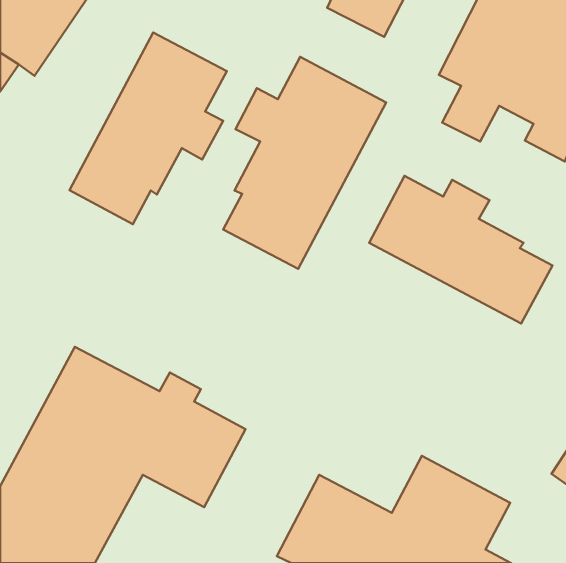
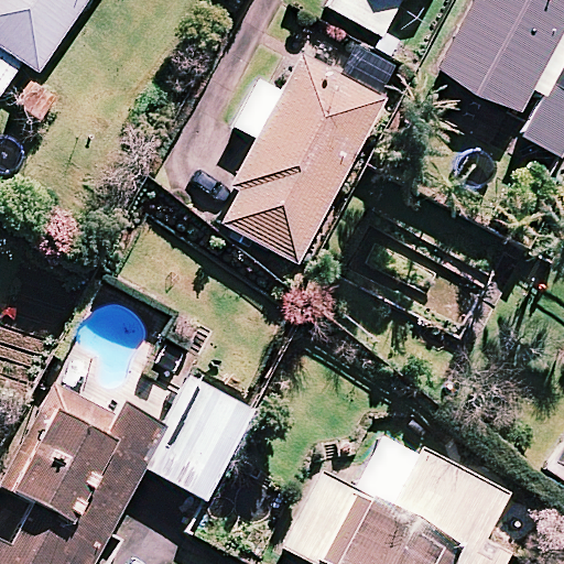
building: [70,33,227,224] -> none
building: [369,176,552,323] -> none

